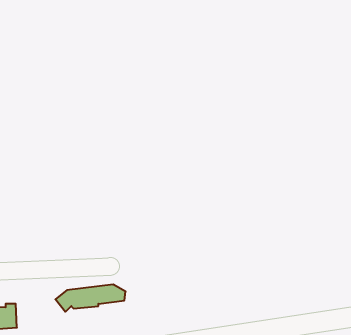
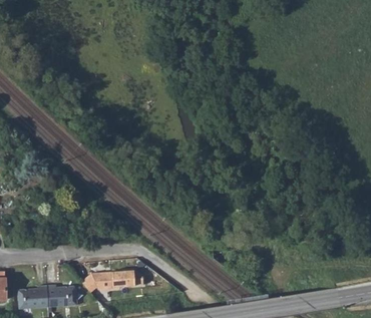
building: none -> [45,284,75,306]

